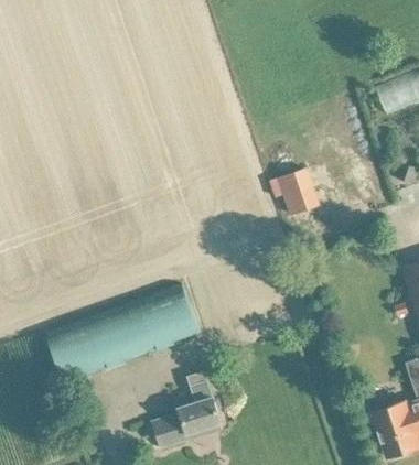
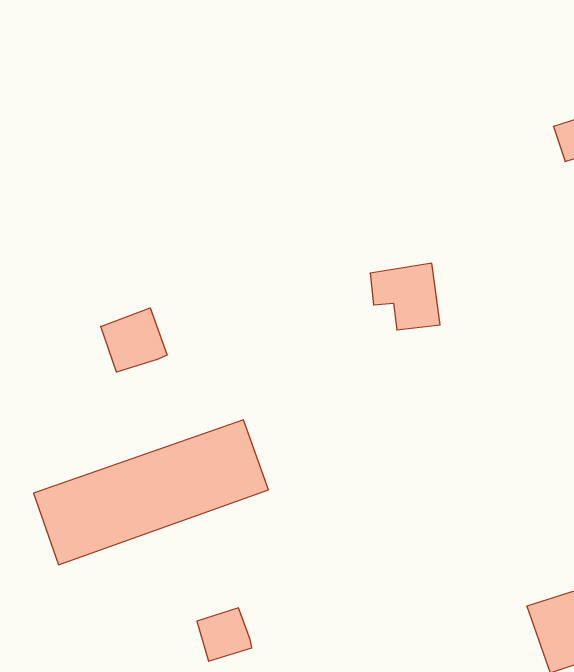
building: none -> [101,308,167,372]
building: [179,372,222,434] -> none

